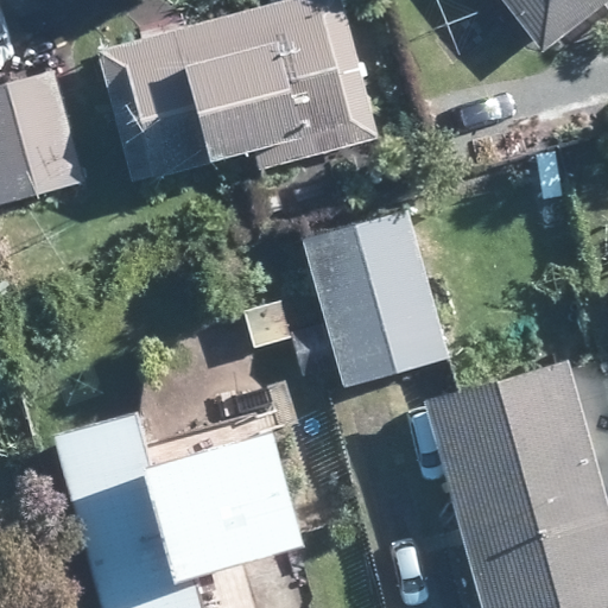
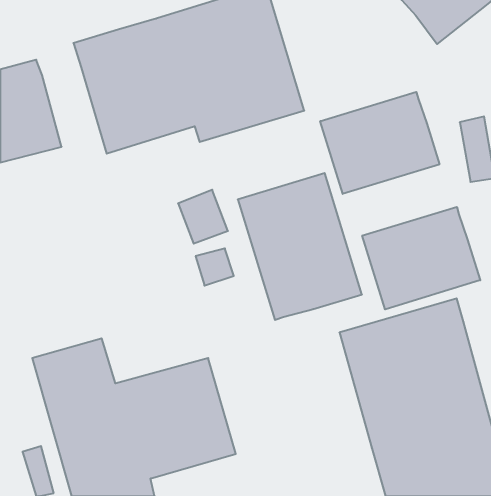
building: none -> [320,92,439,194]
building: none -> [362,207,480,309]

